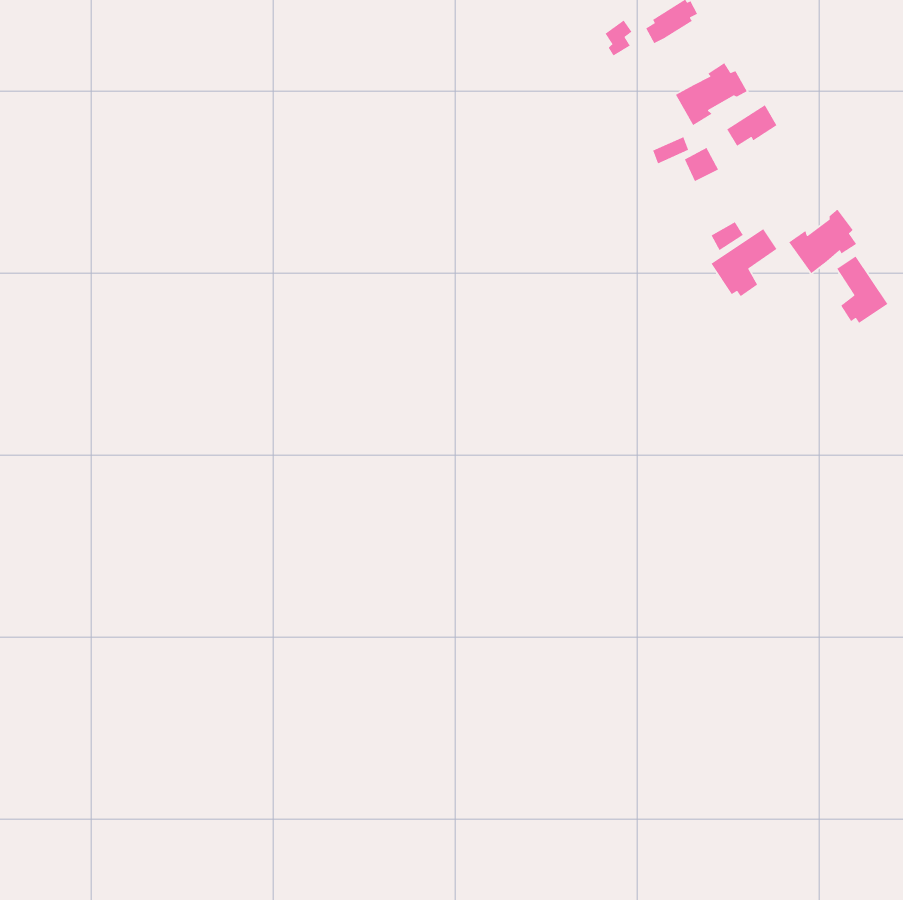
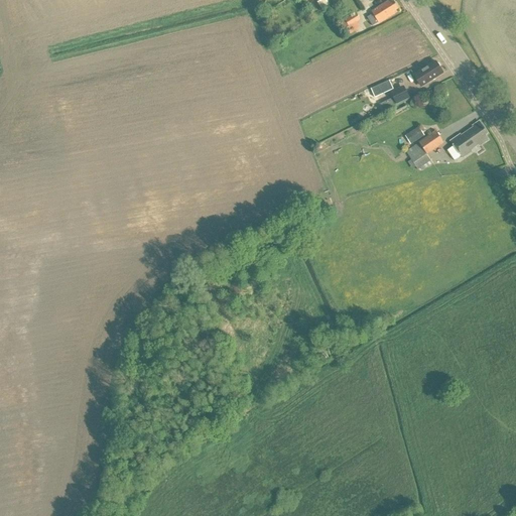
building: [675,62,748,126] -> none
building: [836,255,888,324] -> none

